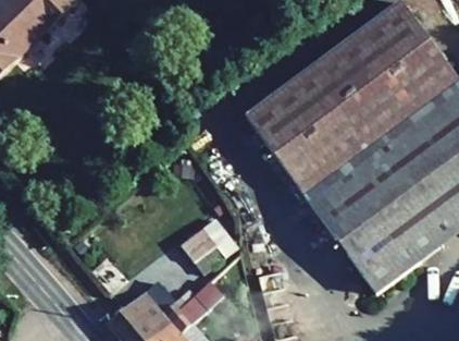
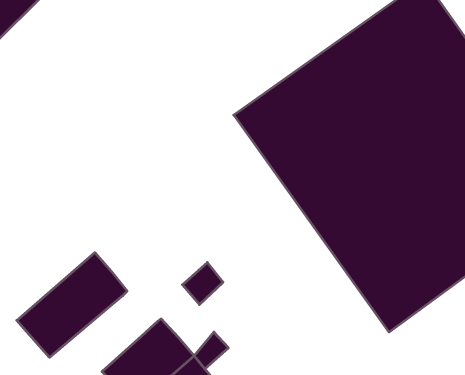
building: none -> [17,253,127,357]

